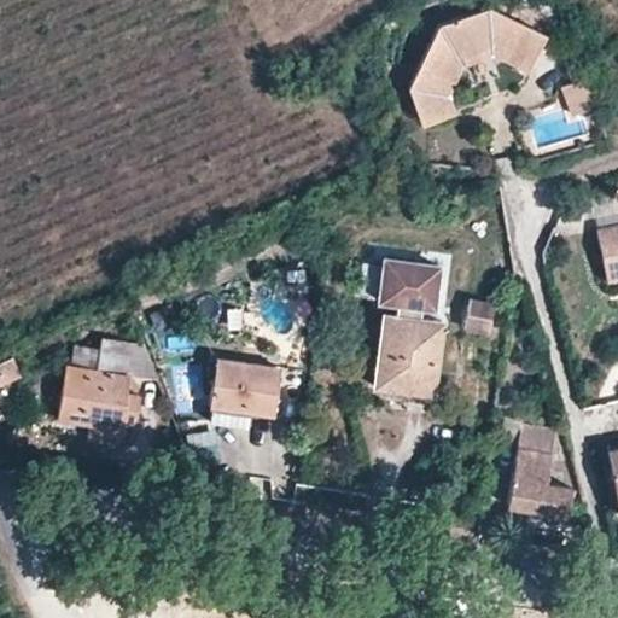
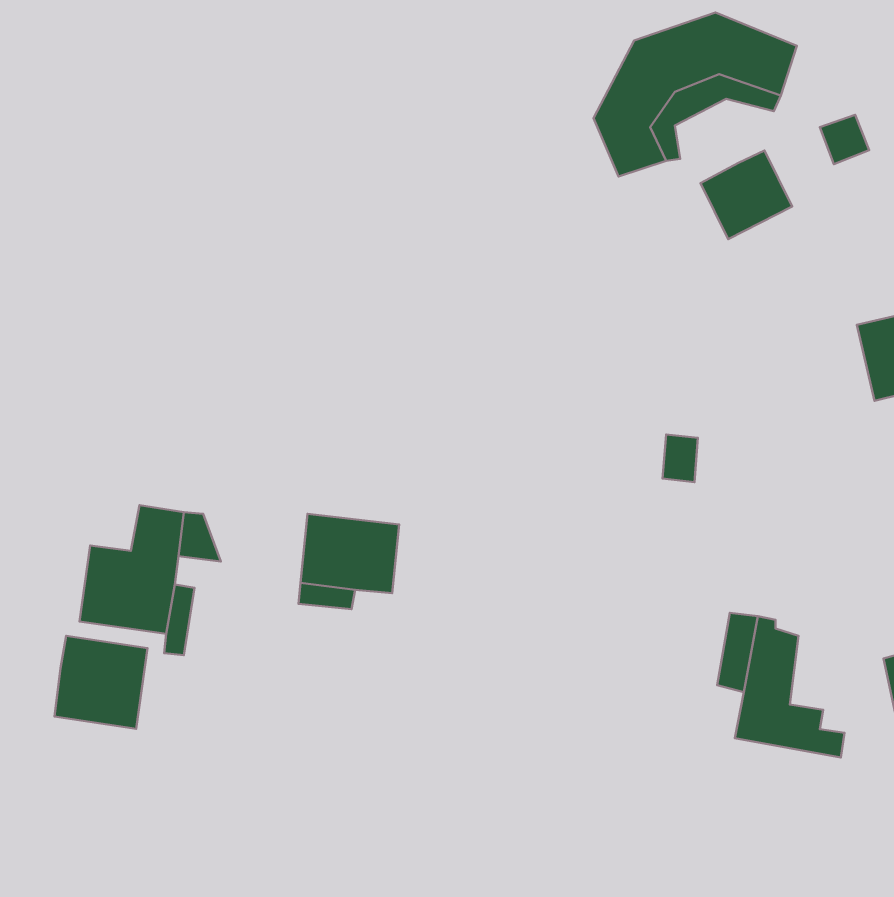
building: none -> [700,150,792,239]
building: [380,260,444,391] -> none
building: none -> [55,636,148,729]

